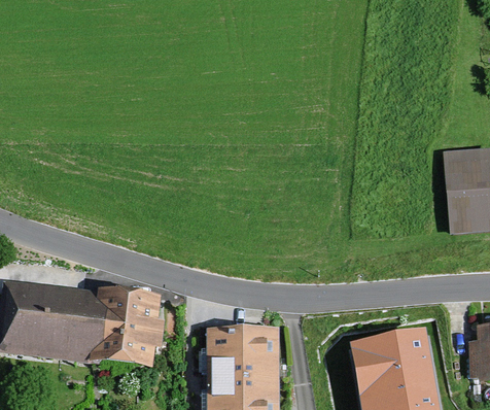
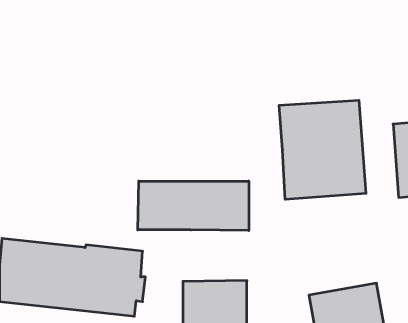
building: none -> [279,100,366,199]
building: none -> [138,181,249,231]

